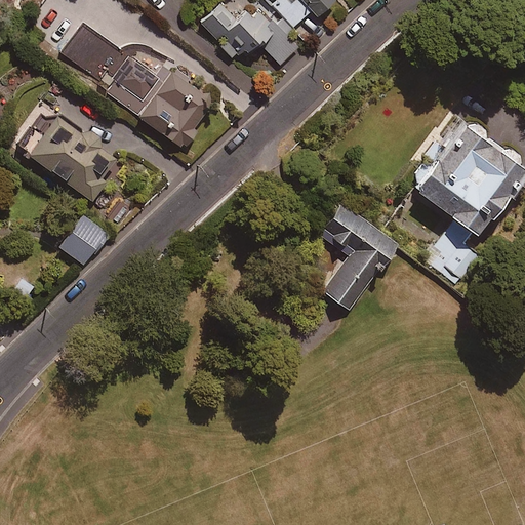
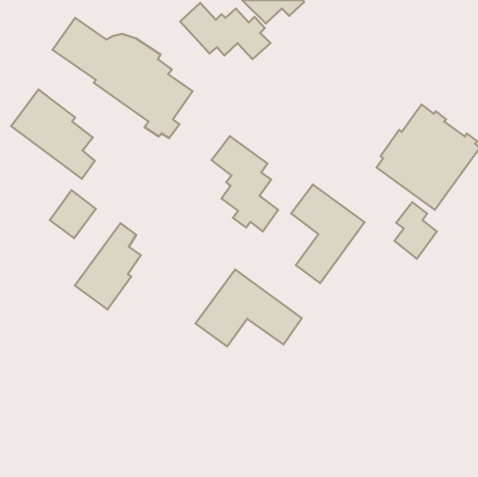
building: none -> [212,136,278,232]
building: none -> [75,223,141,310]
building: none -> [196,269,302,347]

